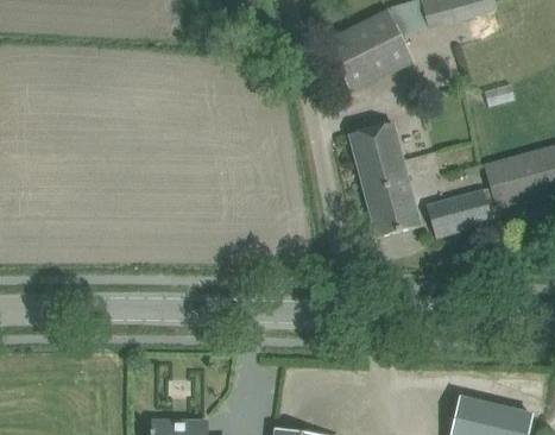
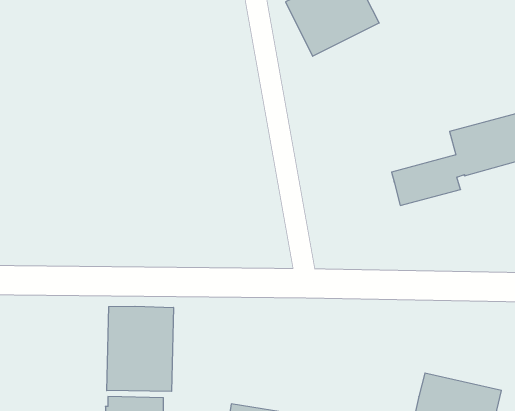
building: [351,122,421,237] -> none
building: none -> [107,306,173,391]

